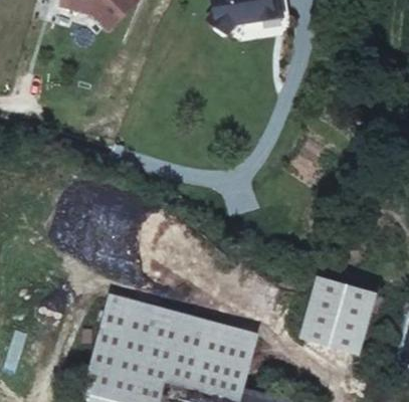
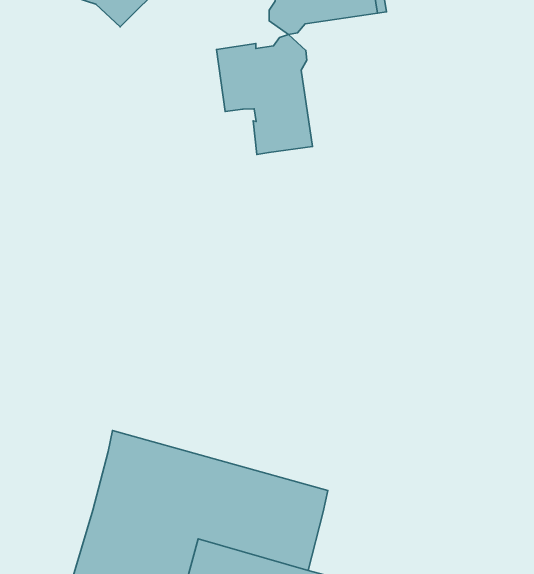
building: none -> [217,34,313,155]
building: [303,279,375,352] -> none

